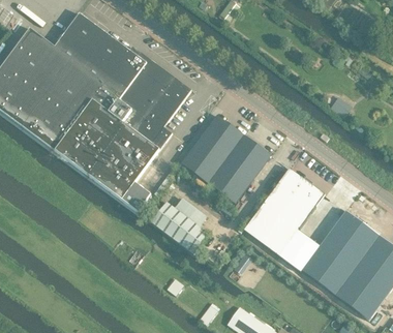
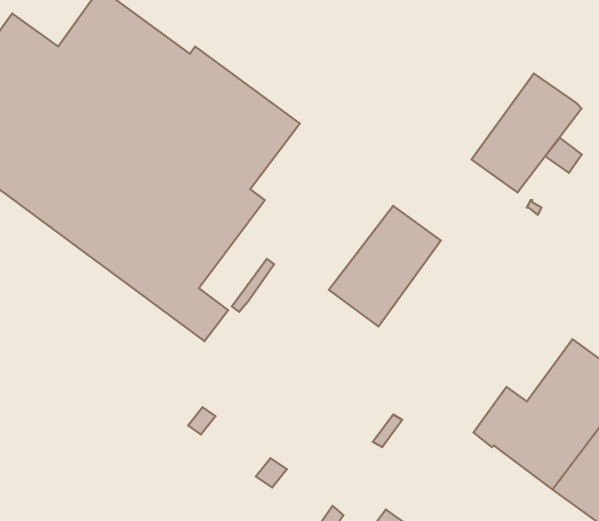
building: [182,115,244,182] -> [472,74,582,193]
building: [244,168,325,263] -> none
building: [151,198,207,251] -> none

